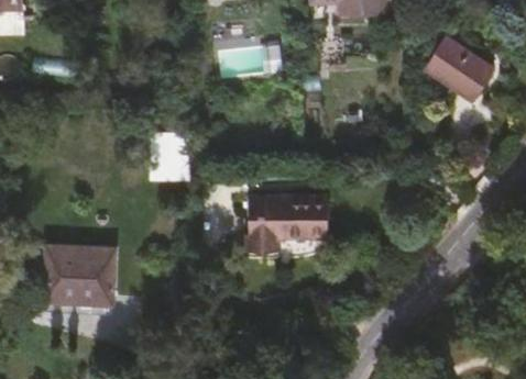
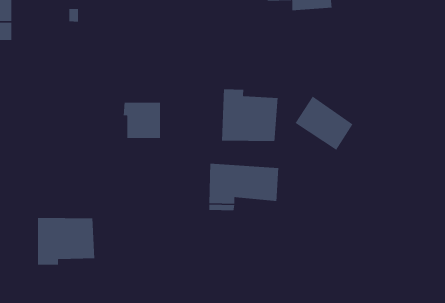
building: [425,38,493,102] -> [295,96,354,151]
building: none -> [221,88,278,142]

